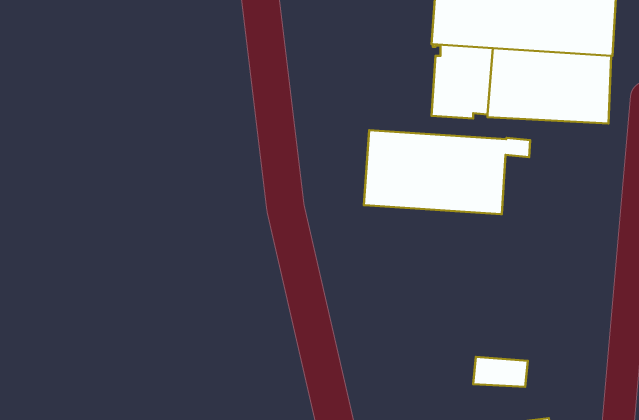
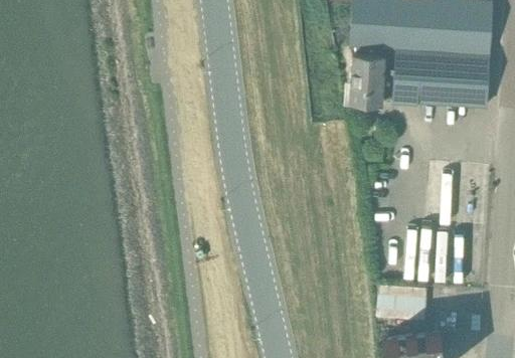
building: [364,130,530,214] -> none

